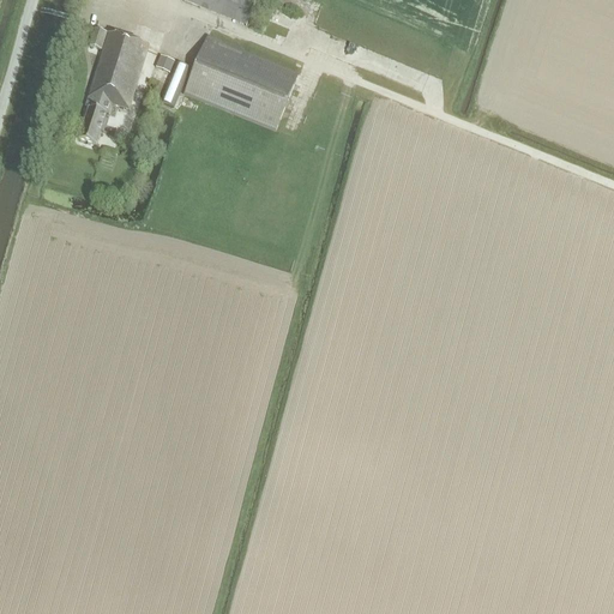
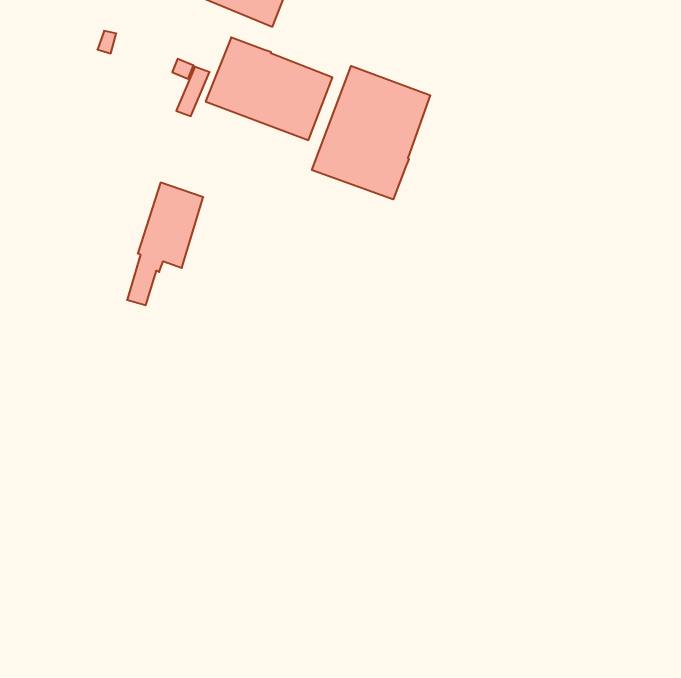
building: [78,31,146,142] -> [127,183,203,305]
building: none -> [312,66,430,199]

